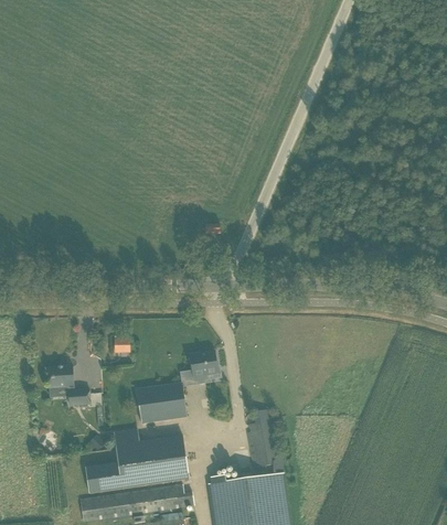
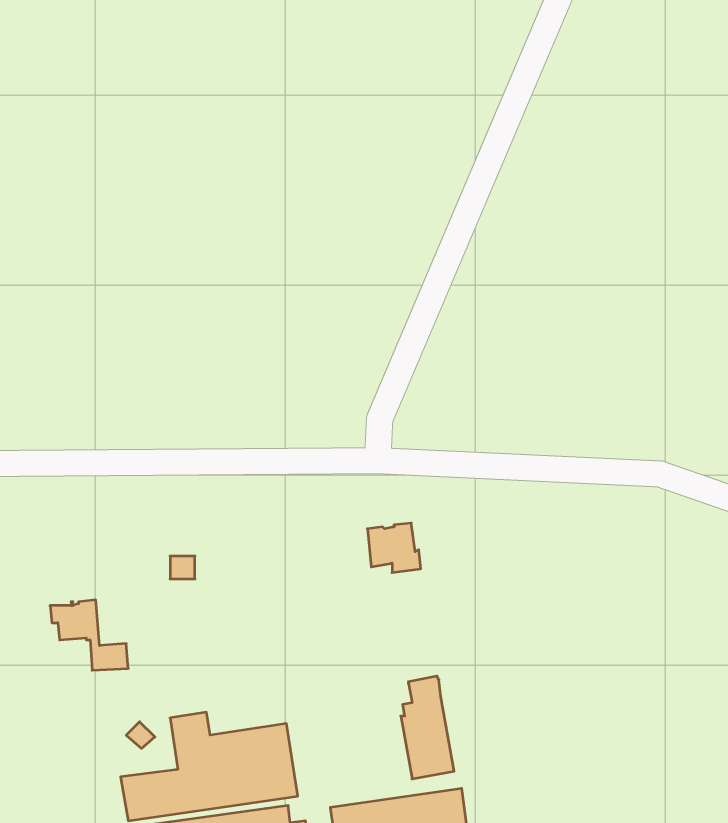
building: [189,352,220,381] -> [367,523,421,573]
building: [135,384,187,425] -> none

